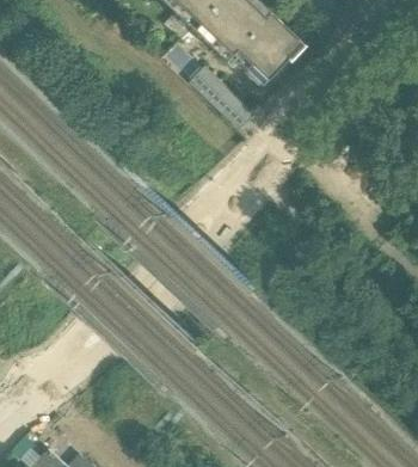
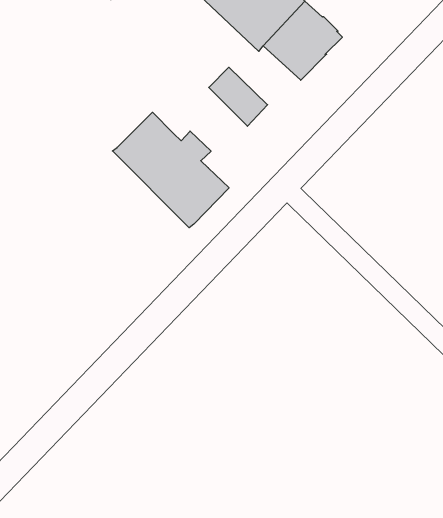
building: none -> [112,112,229,228]

